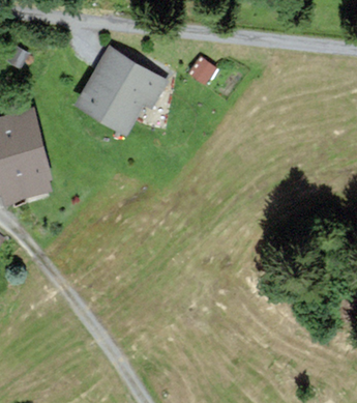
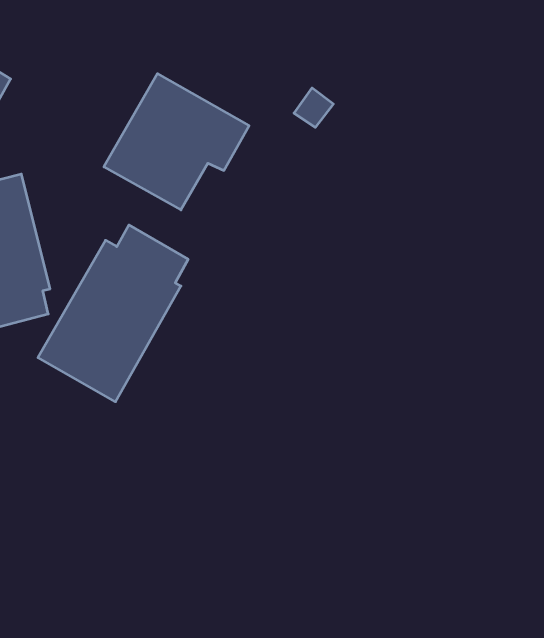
building: none -> [38,225,188,402]

